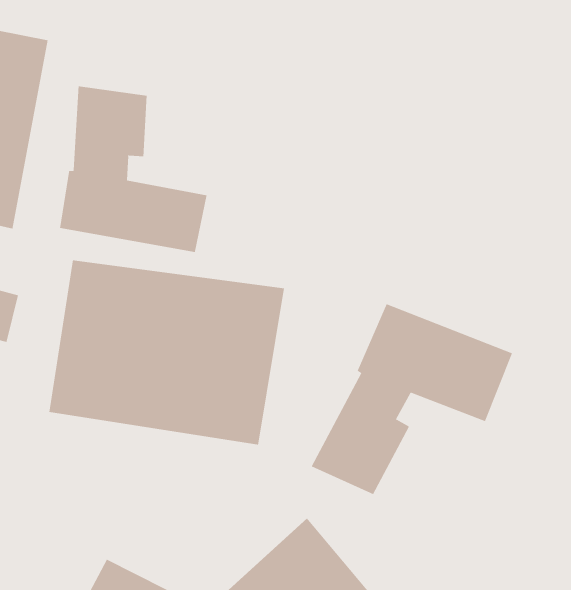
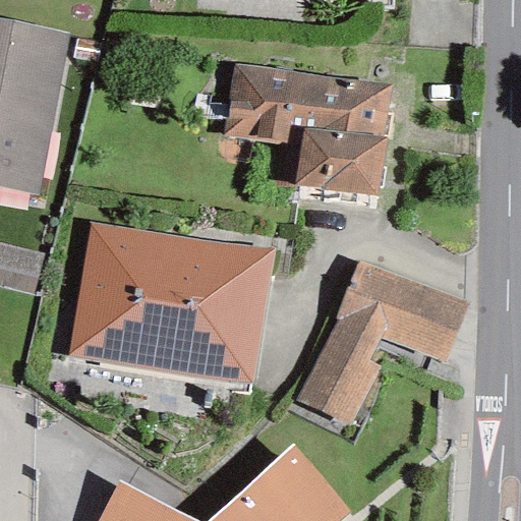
building: none -> [226,65,392,196]
building: [60,86,207,253] -> none

